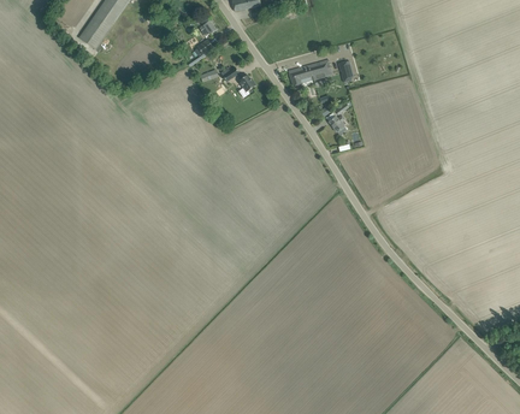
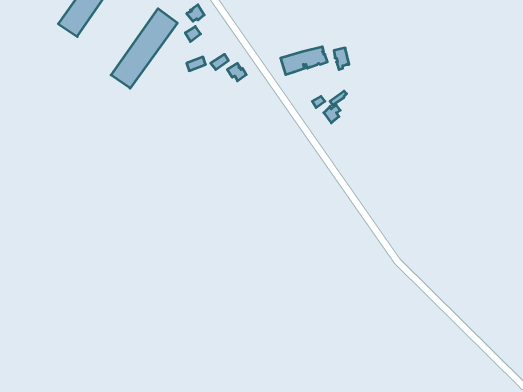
building: none -> [111,9,177,88]

